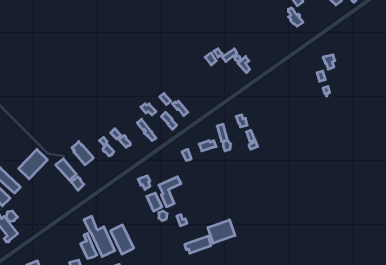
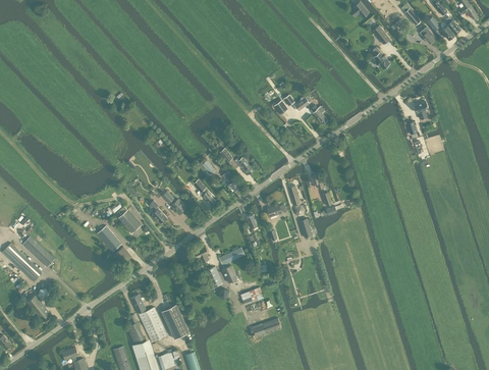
building: [19,149,47,179] -> none
building: [208,220,235,243] -> none

